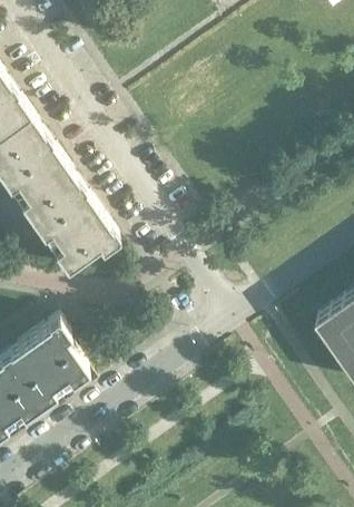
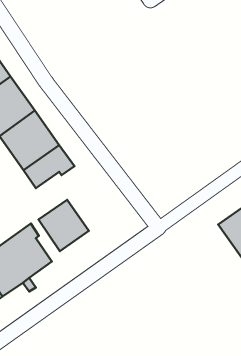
building: none -> [38,200,89,251]

